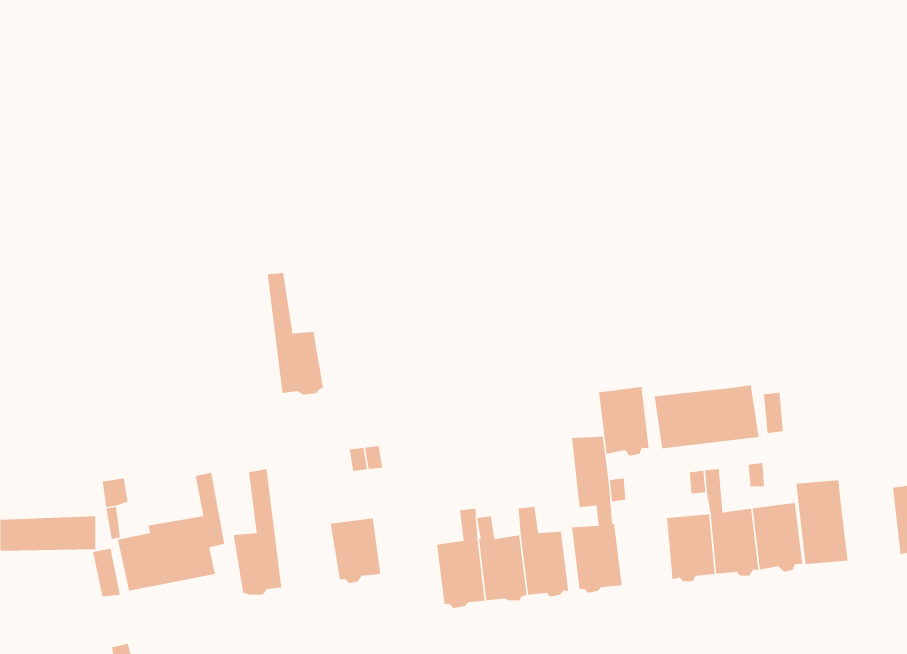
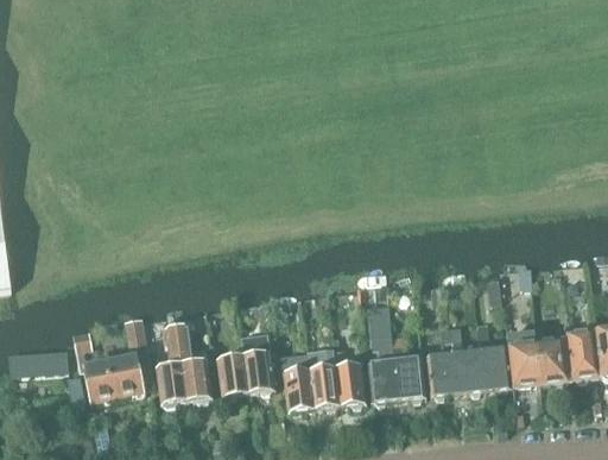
building: [267,272,324,396] -> [176,322,211,399]
building: [654,384,759,449] -> none
building: [598,386,650,456] -> [393,354,425,398]
building: none -> [240,335,274,391]
building: none -> [534,340,566,383]

